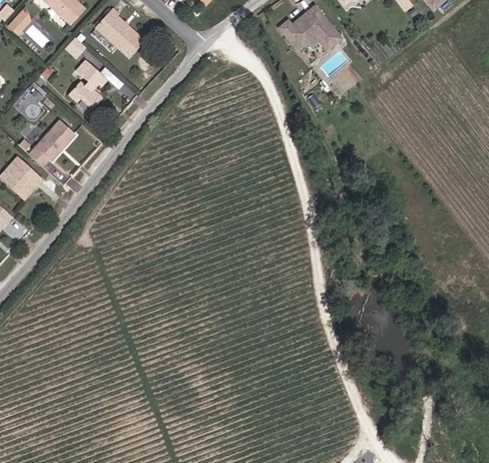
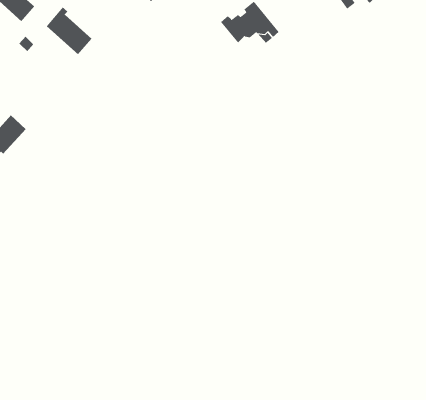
building: [69,68,108,111] -> none

